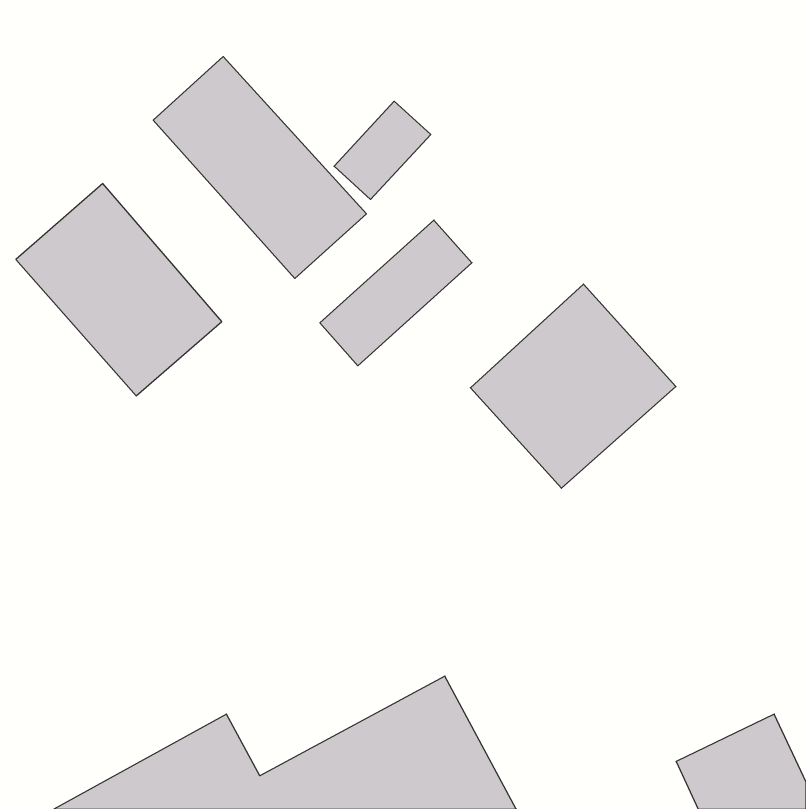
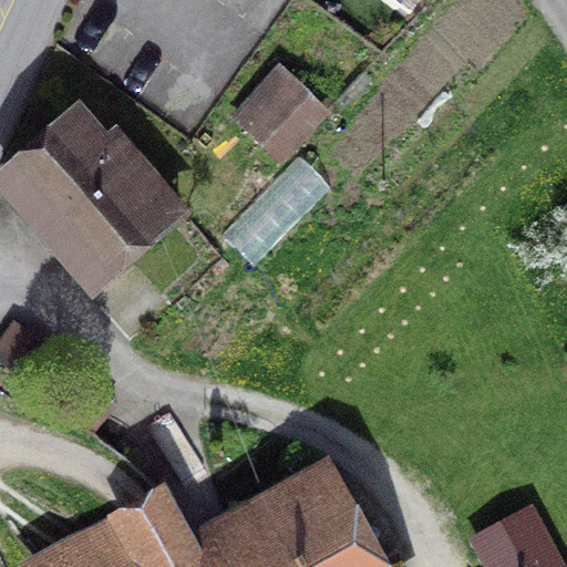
building: [153,57,366,278] -> none
building: [470,284,676,488] -> none

